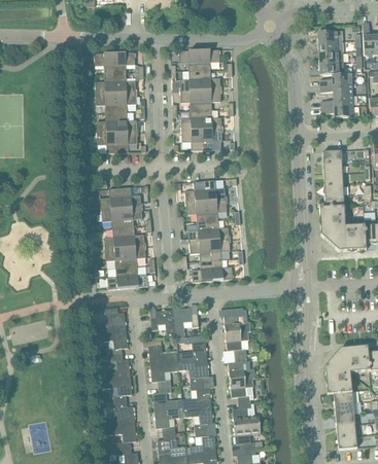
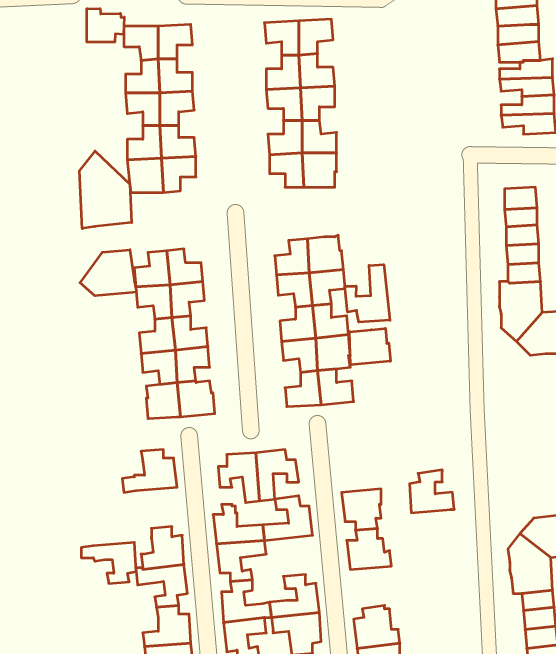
building: none -> [87,9,124,42]
building: none -> [79,151,132,229]
building: none -> [80,250,136,296]
building: none -> [345,265,390,322]
building: none -> [350,328,390,365]
building: [224,307,250,332] -> [410,470,454,513]
building: [94,329,127,354] -> [81,542,136,583]
building: [178,358,208,383] -> none
building: [230,377,254,402] -> none

